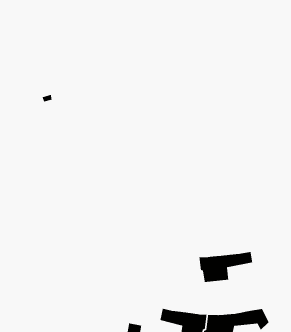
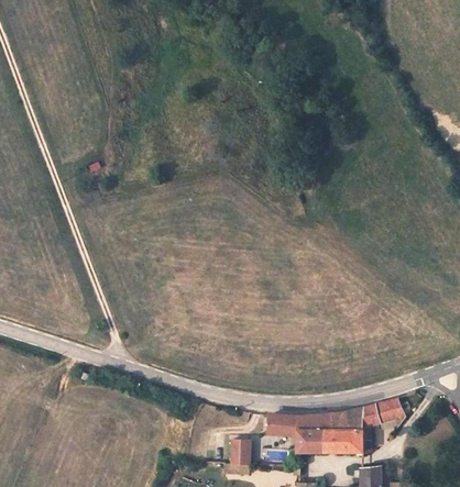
building: [199,251,253,283] -> none

